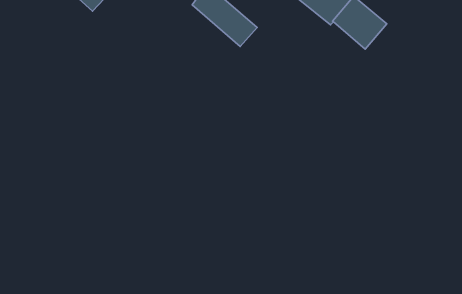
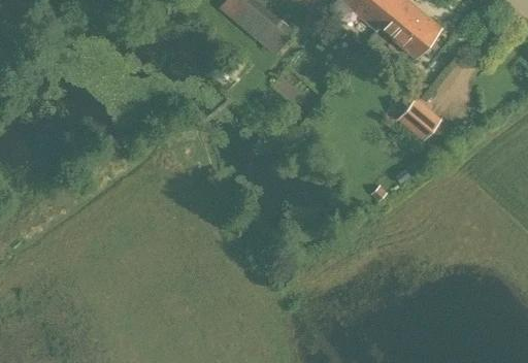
building: none -> [398,97,441,139]

